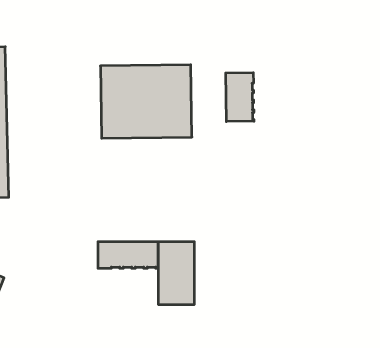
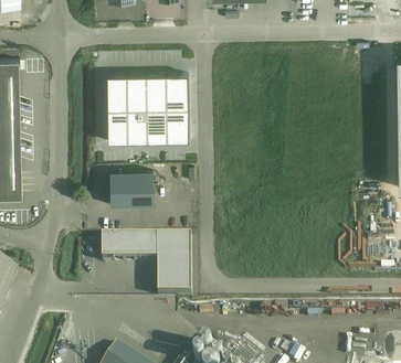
building: [226,73,254,122] -> none
building: none -> [108,170,152,203]

